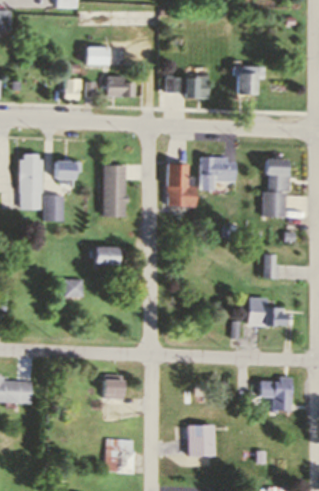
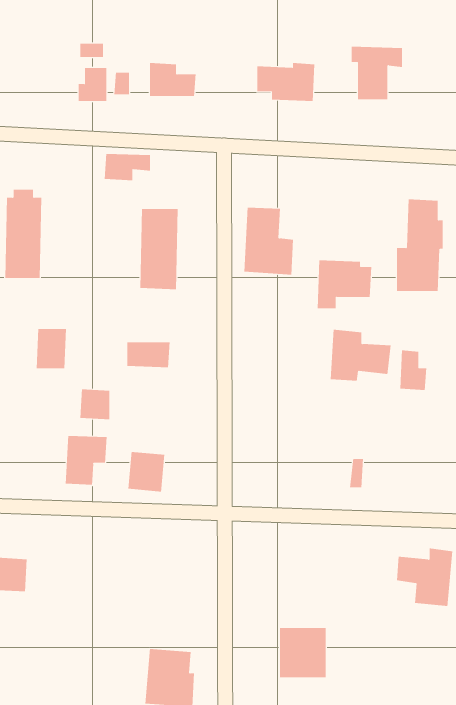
building: [85,46,108,65] -> none
building: [202,157,236,187] -> [317,260,372,309]
building: [52,161,81,178] -> [104,153,151,181]
building: [46,195,65,220] -> [36,328,67,369]
building: [246,296,284,328] -> [330,329,391,381]
building: none -> [65,435,107,486]
building: [102,373,125,398] -> [128,451,165,492]

